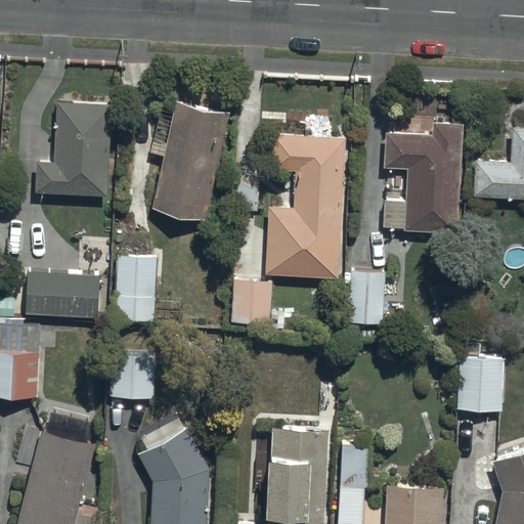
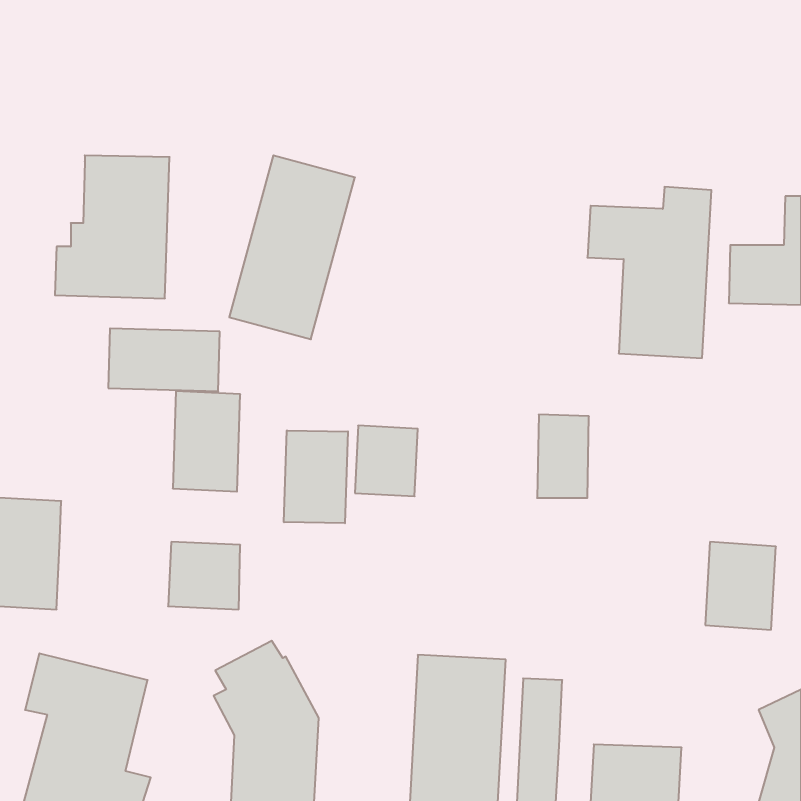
building: [265,135,345,276] -> none
building: [27,275,99,316] -> [108,328,220,391]
building: none -> [284,430,348,523]

